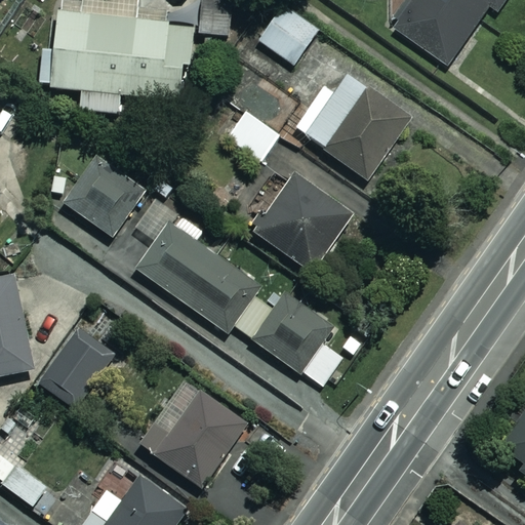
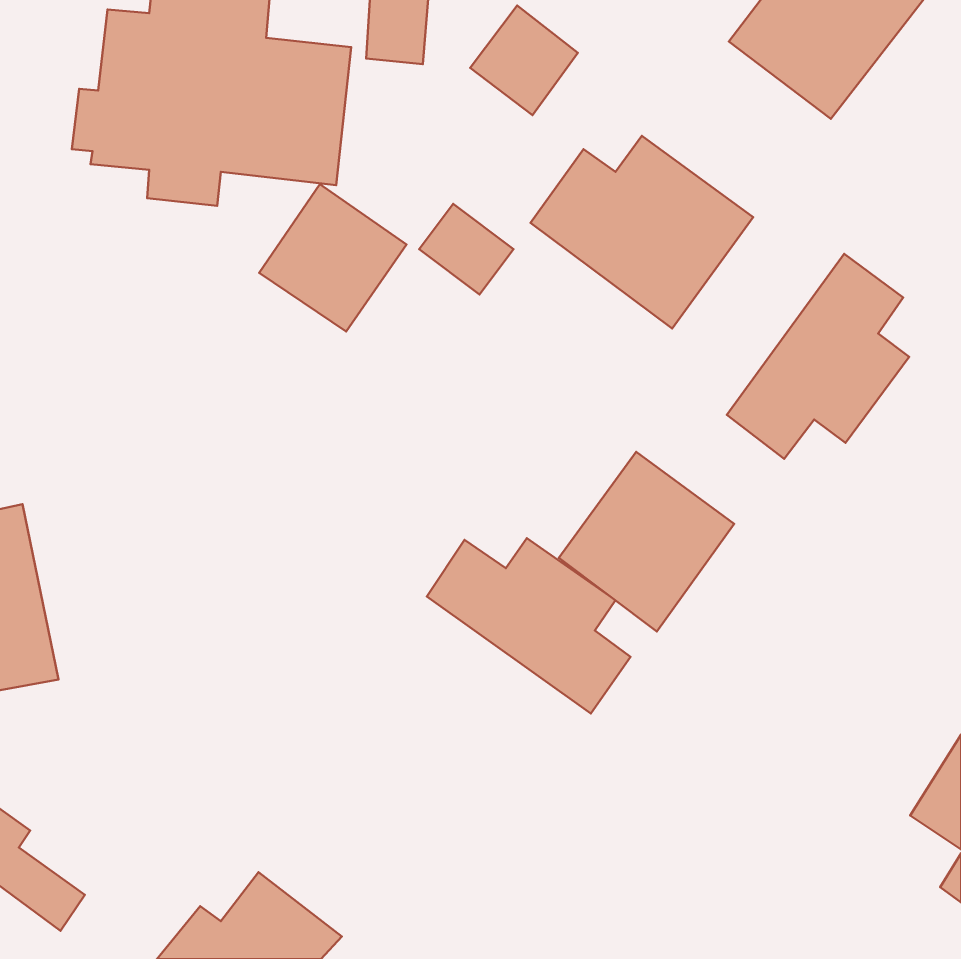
building: none -> [727,254,909,459]
building: [64,155,144,235] -> [259,184,407,331]
building: [255,174,351,272] -> [559,452,734,631]
building: [133,194,259,332] -> none
building: [39,336,107,406] -> none
building: [138,378,246,487] -> none

